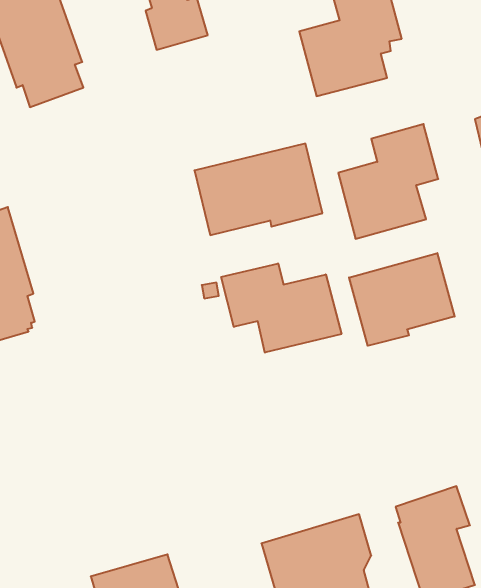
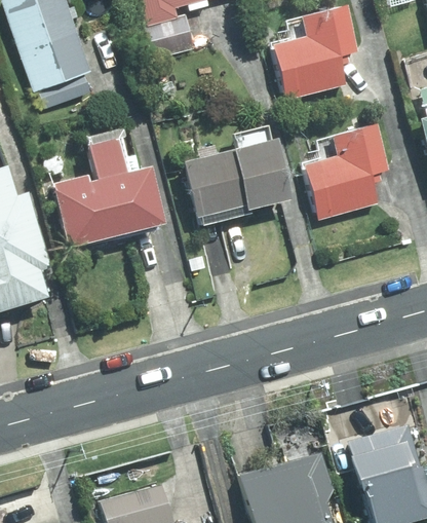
building: none -> [52,137,164,248]
building: [349,253,455,346] -> none
building: [221,263,341,353] -> none

